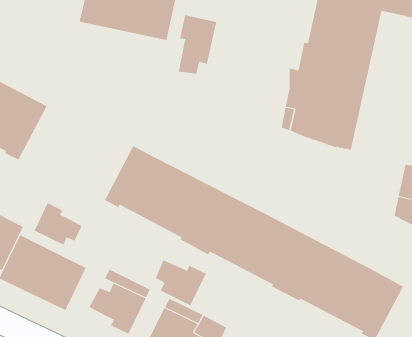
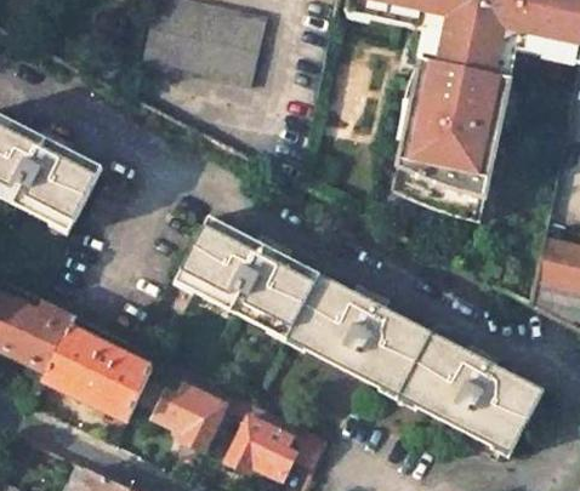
building: [178,15,217,75] -> none
building: [34,202,83,246] -> none
building: [155,260,207,306] -> none

